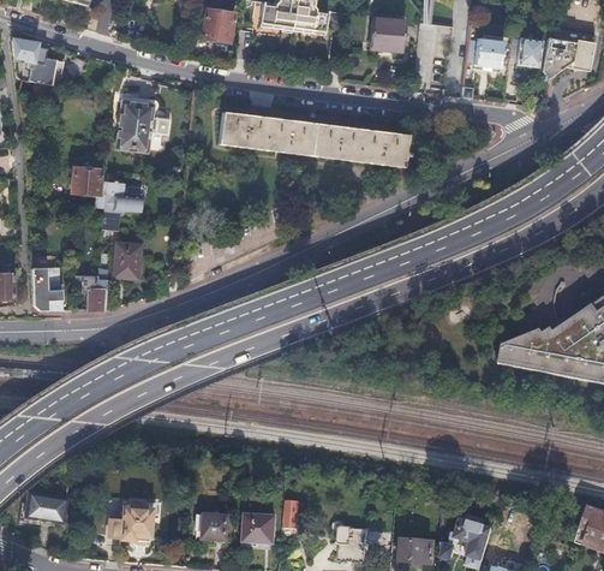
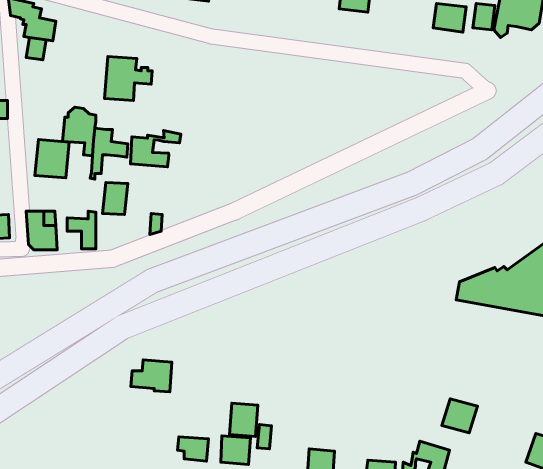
building: [219,112,407,166] -> none
building: none -> [130,130,181,167]
building: none -> [35,140,69,178]
building: none -> [442,399,477,433]
building: none -> [229,403,258,436]
building: [22,489,67,523] -> none
building: [110,506,155,541] -> [131,360,172,392]

